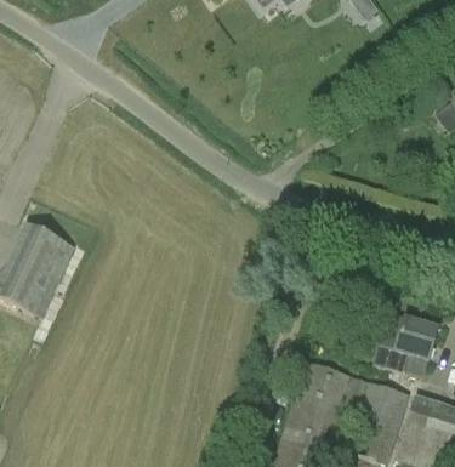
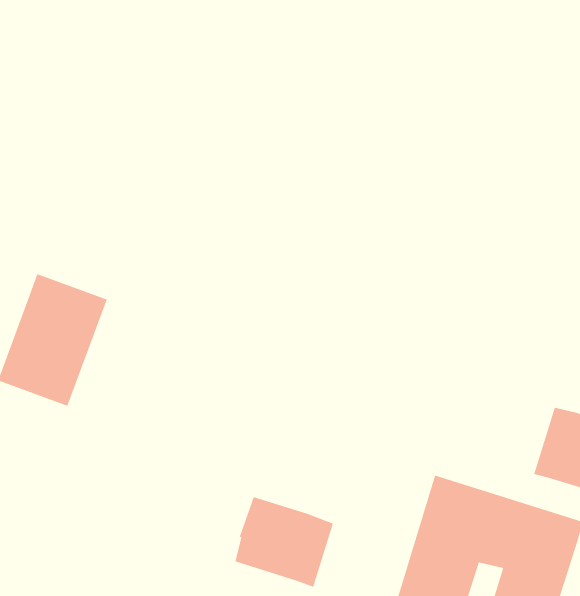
building: none -> [235,496,334,588]

